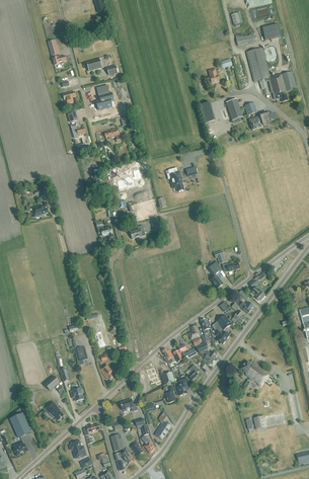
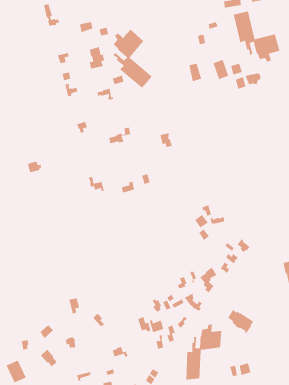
building: none -> [112,29,153,89]
building: none -> [186,324,222,381]

